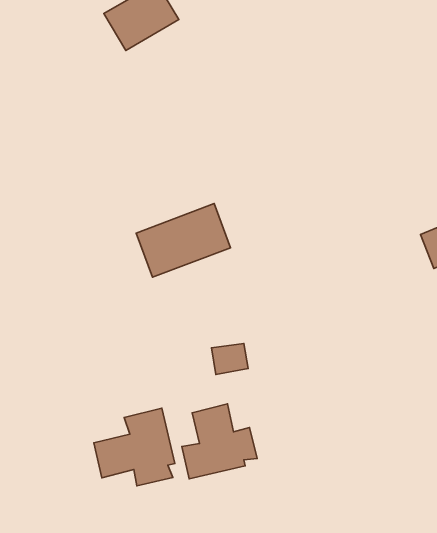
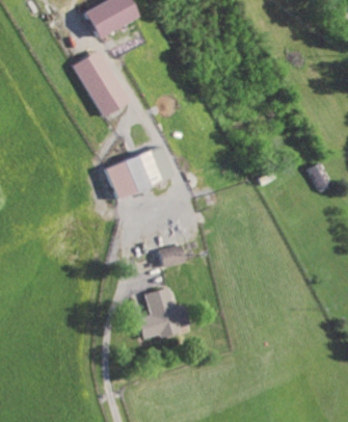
building: none -> [76,50,130,116]
building: [94,408,175,486] -> none

